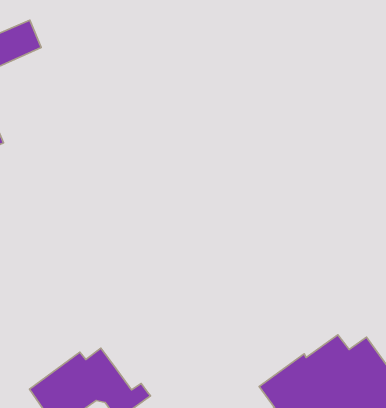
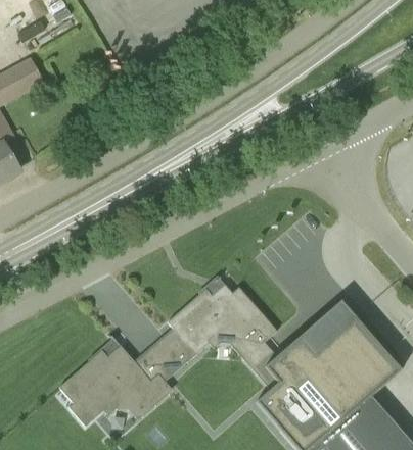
building: none -> [135,285,276,382]

